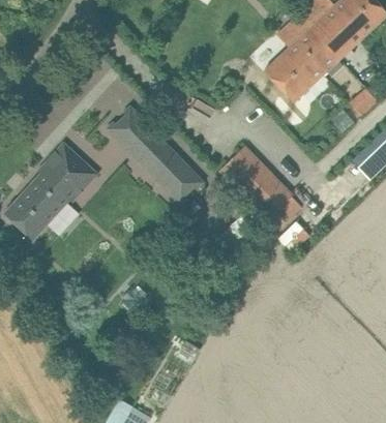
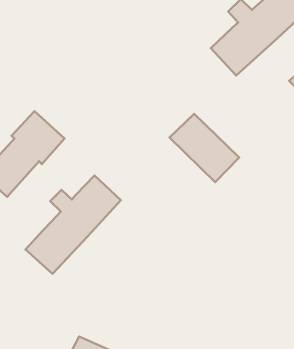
building: [106,105,203,205] -> none
building: none -> [25,176,121,274]

